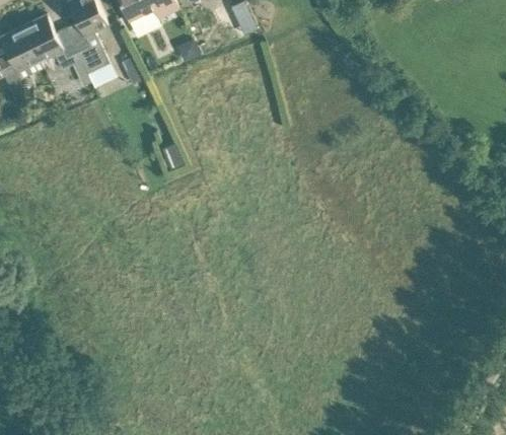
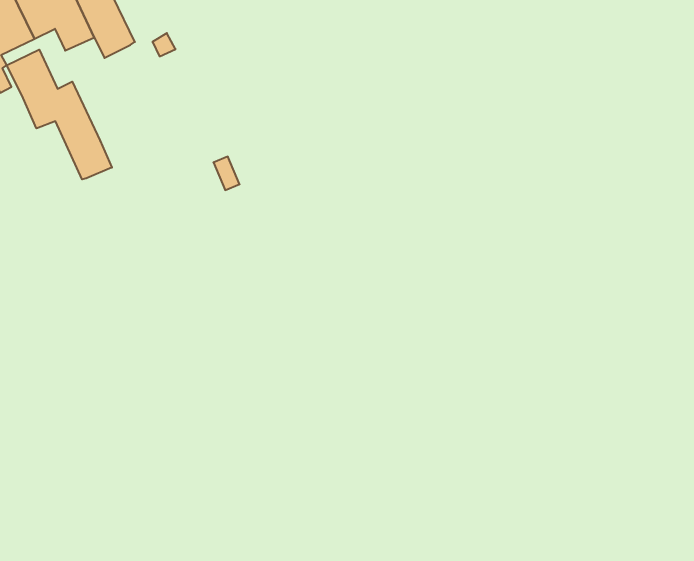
building: none -> [7,50,112,179]

